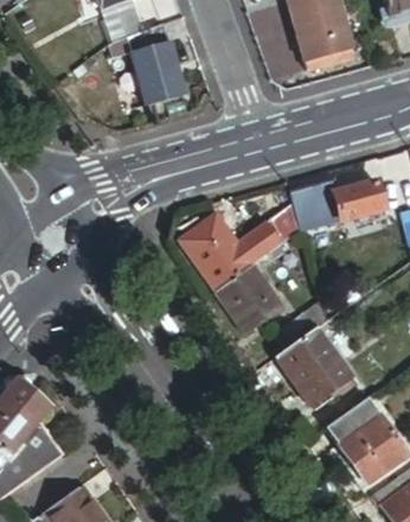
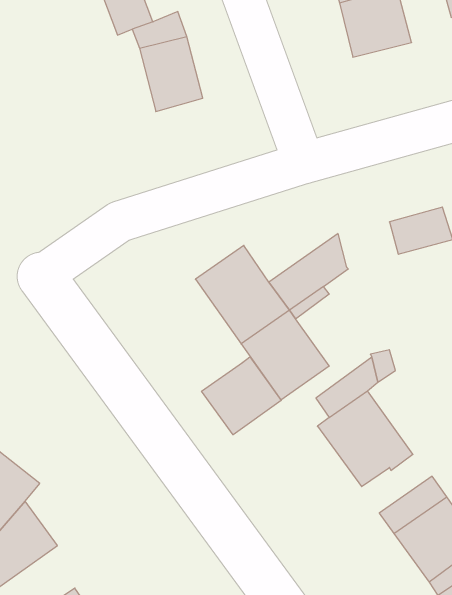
building: [289,179,341,229] -> none
building: none -> [202,357,281,435]

